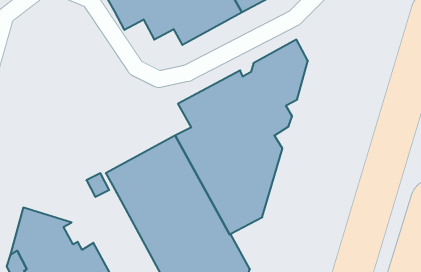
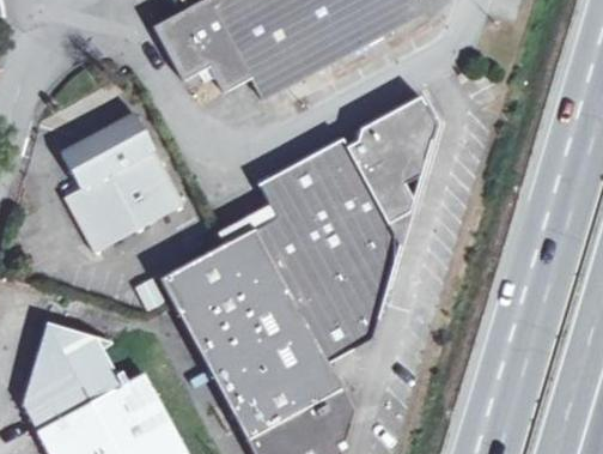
building: none -> [61,114,182,249]

